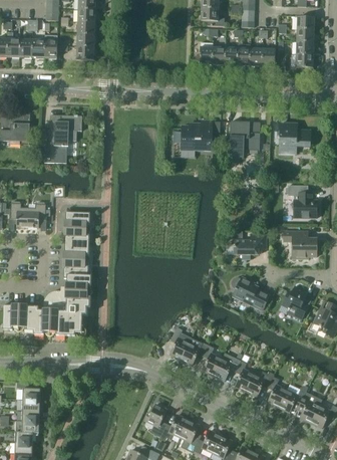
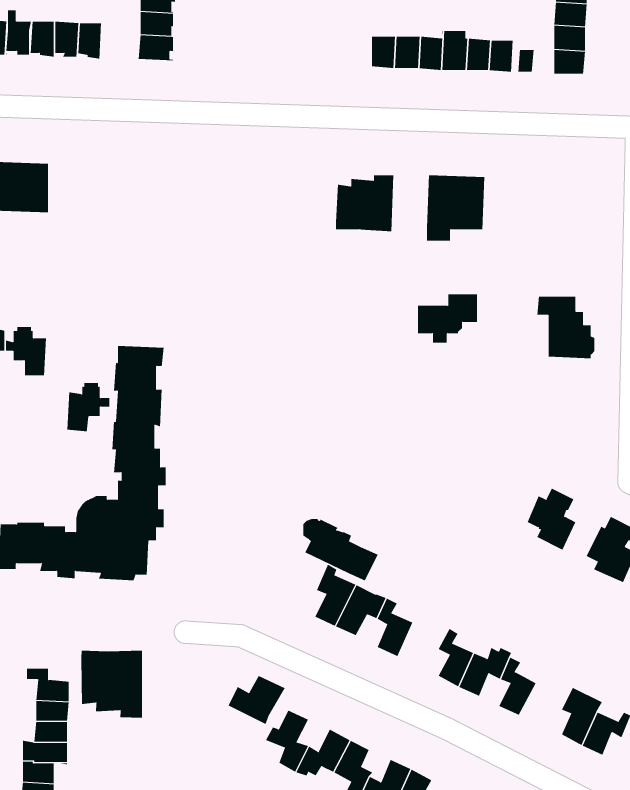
building: [39,114,82,163] -> none
building: [277,123,309,154] -> none
building: [27,202,50,228] -> [66,382,110,432]
building: [284,231,316,258] -> none
building: [234,233,266,259] -> [417,294,478,343]
building: [232,277,272,310] -> [303,518,378,581]
building: [214,354,241,381] -> none
building: none -> [81,650,142,719]
building: [278,384,308,412] -> none
building: none -> [228,675,285,725]

